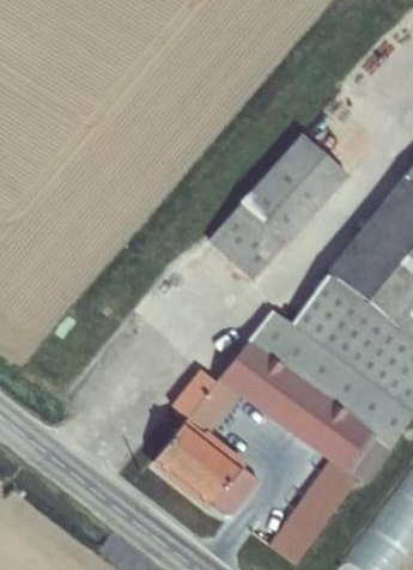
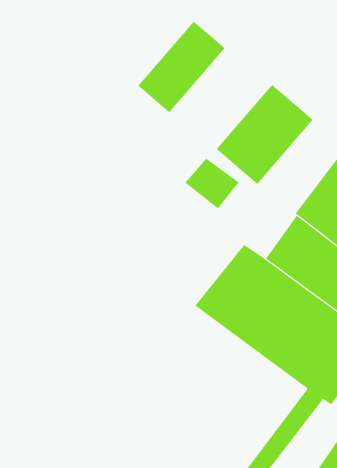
building: none -> [137,21,225,113]
building: [230,208,285,284] -> none
building: [147,386,251,515] -> none

